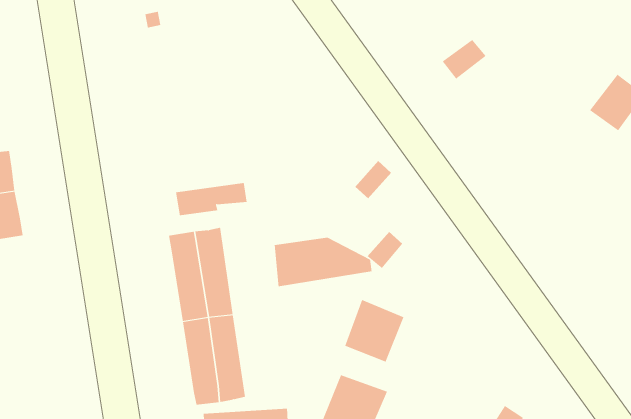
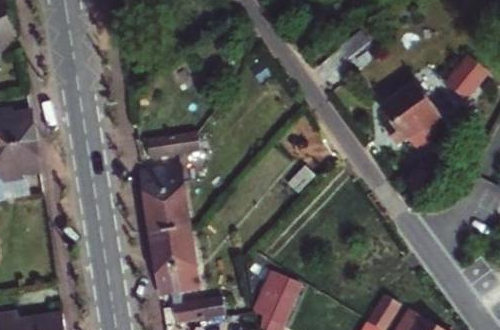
building: none -> [381,82,447,149]
building: [274,237,372,287] -> none
building: [345,299,404,362] -> none

